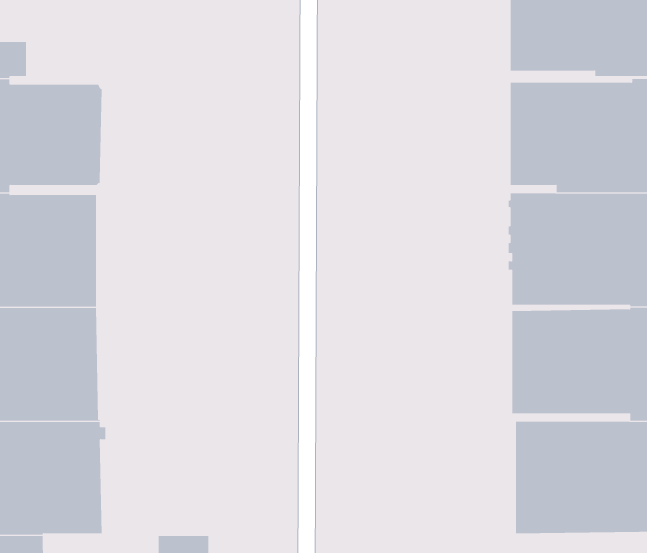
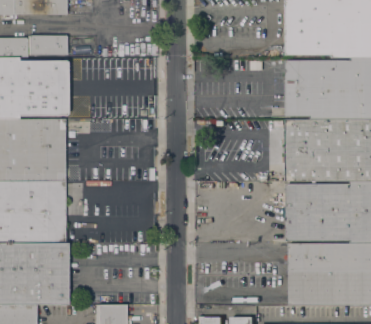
building: none -> [29,35,66,55]

